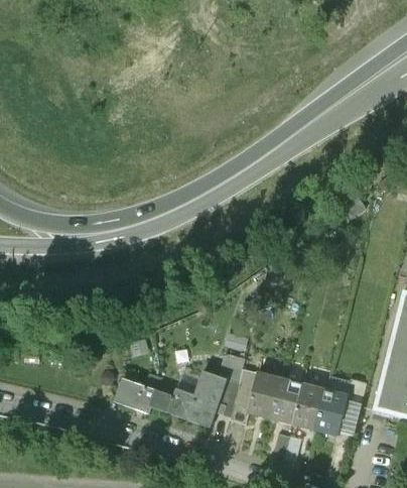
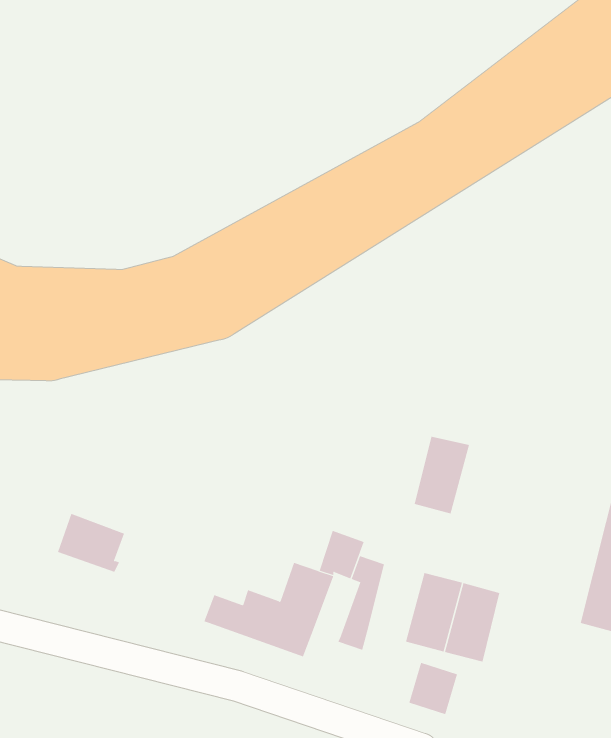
building: [248,372,281,418] -> [414,436,470,514]
building: [216,377,243,416] -> none
building: [116,378,156,413] -> [57,513,125,572]
building: [316,389,350,437] -> none

